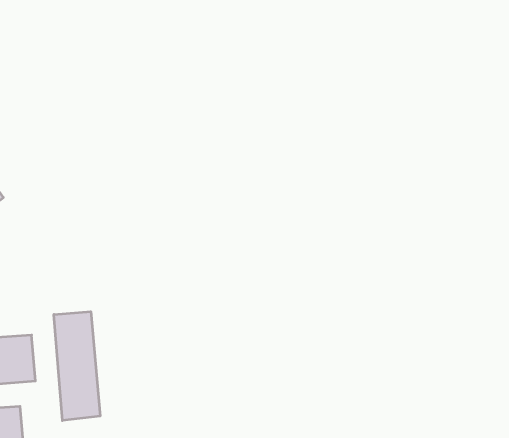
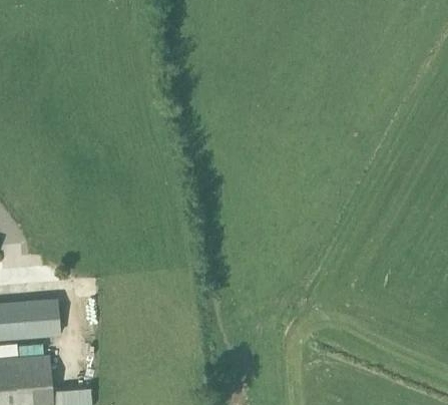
building: [54,312,100,421] -> none

